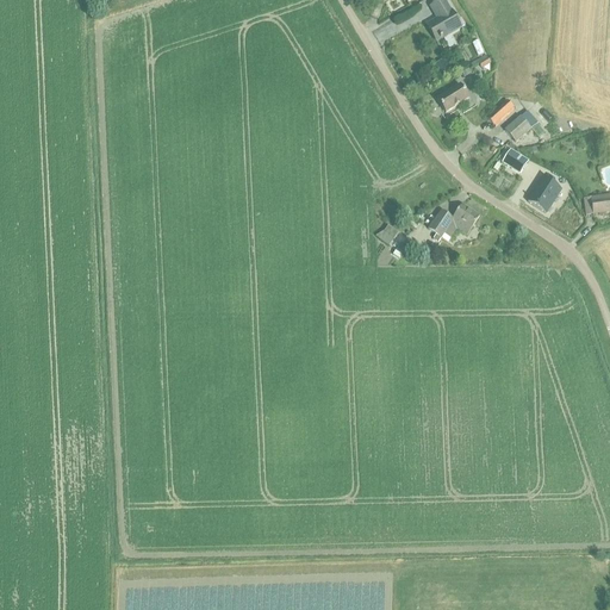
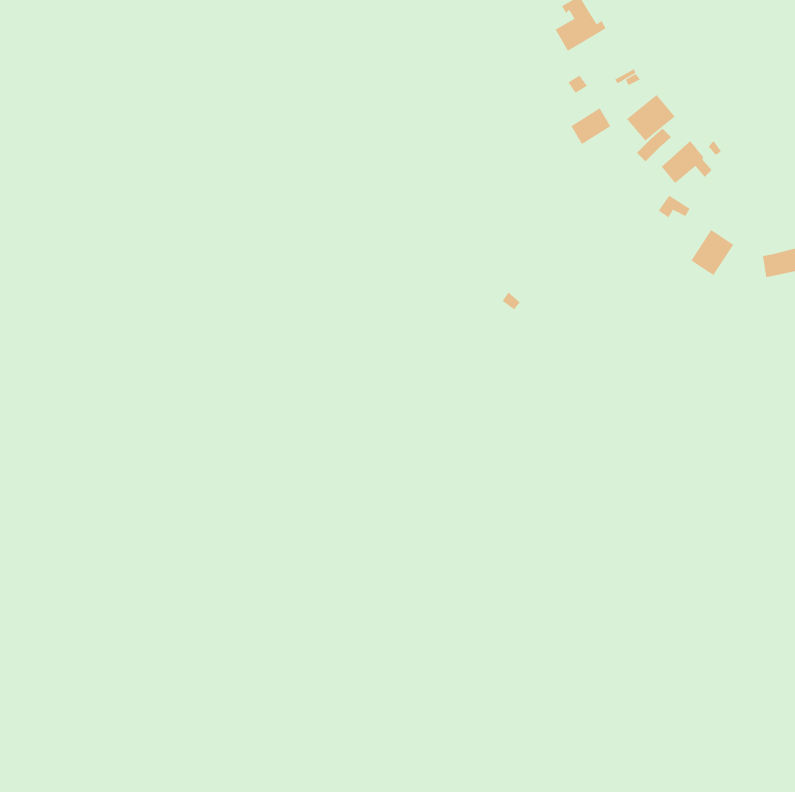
building: none -> [626,94,675,142]
building: [429,203,480,241] -> none

